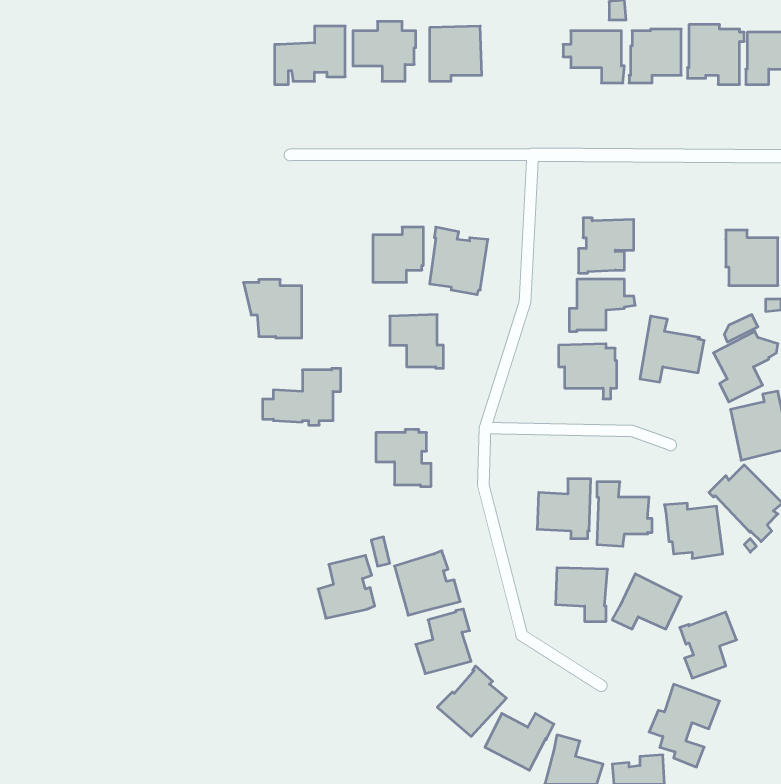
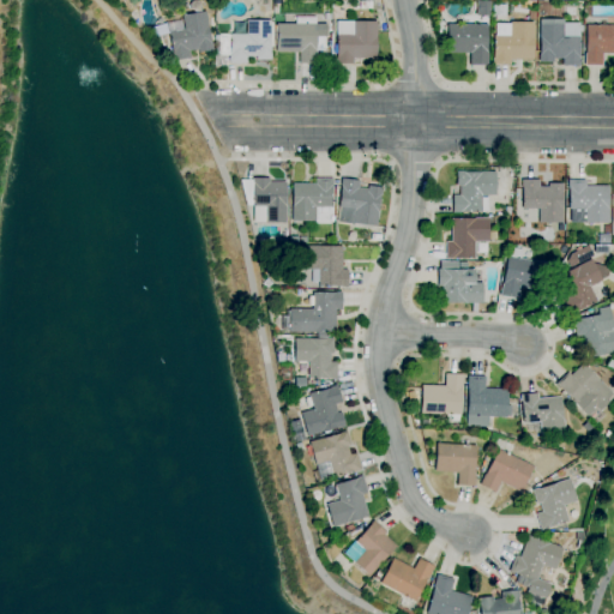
building: none -> [170,11,215,61]
building: none -> [523,180,565,223]
building: [243,280,302,338] -> [242,177,288,223]
building: [263,368,341,425] -> [283,291,344,336]
building: [318,555,375,618] -> [302,386,347,435]

